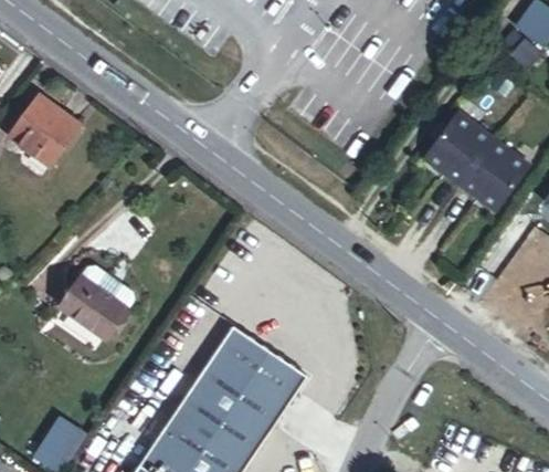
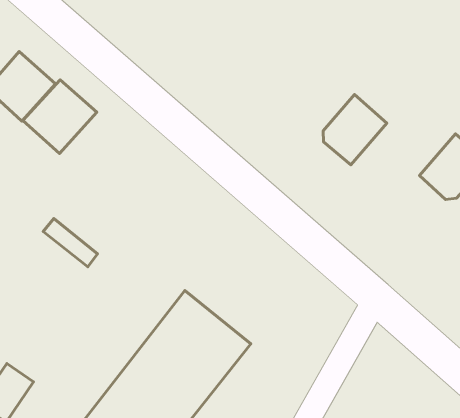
building: [427,116,492,188] -> [323,94,387,165]
building: none -> [23,80,97,154]
building: [60,277,129,340] -> none

